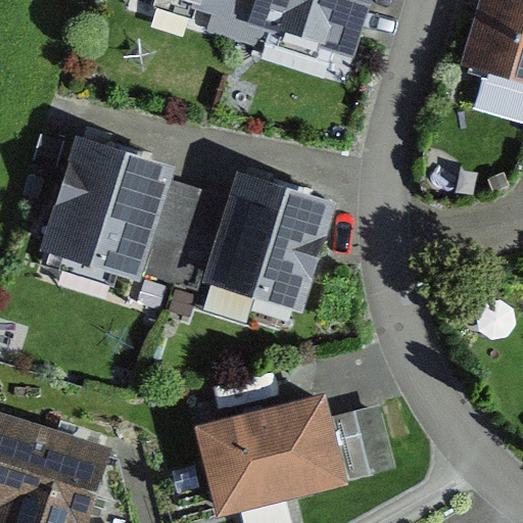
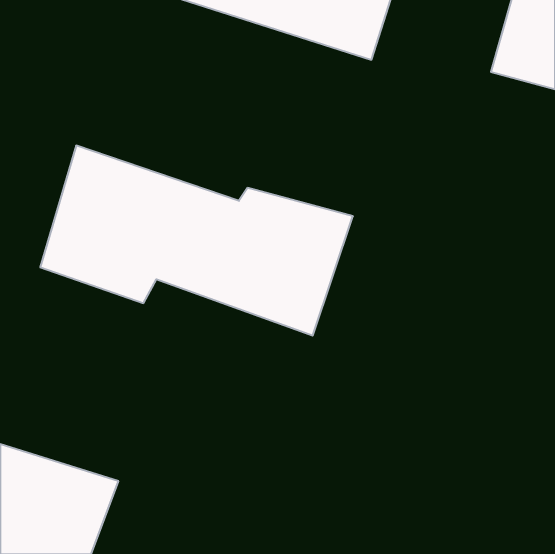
building: [191,395,396,517] -> none

